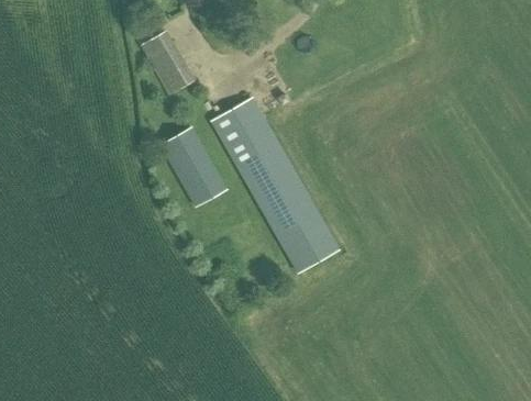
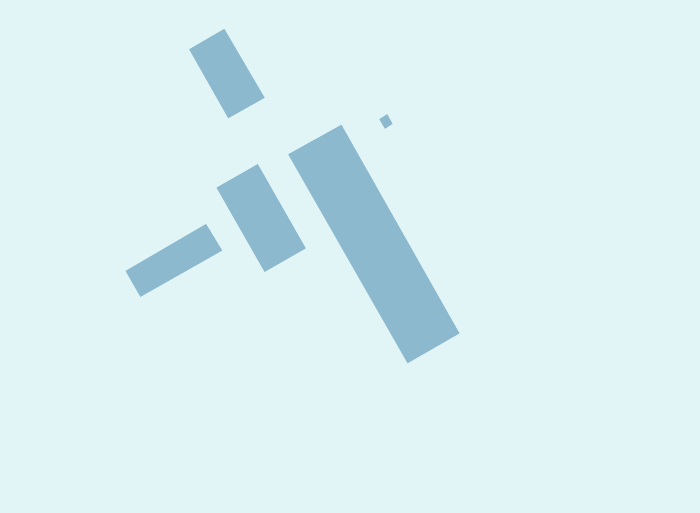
building: none -> [124,223,223,298]

